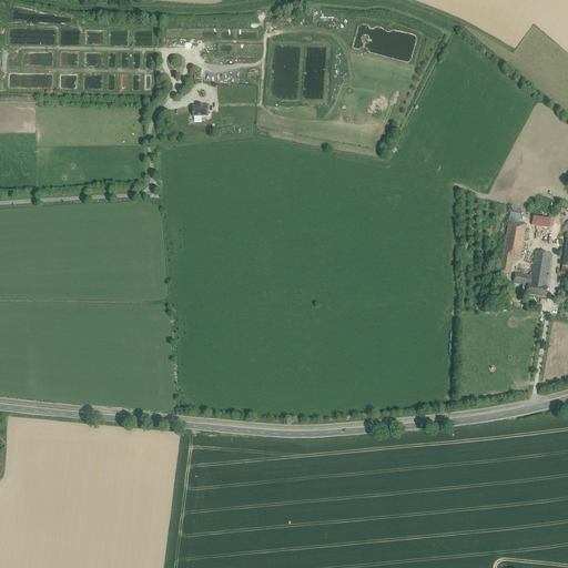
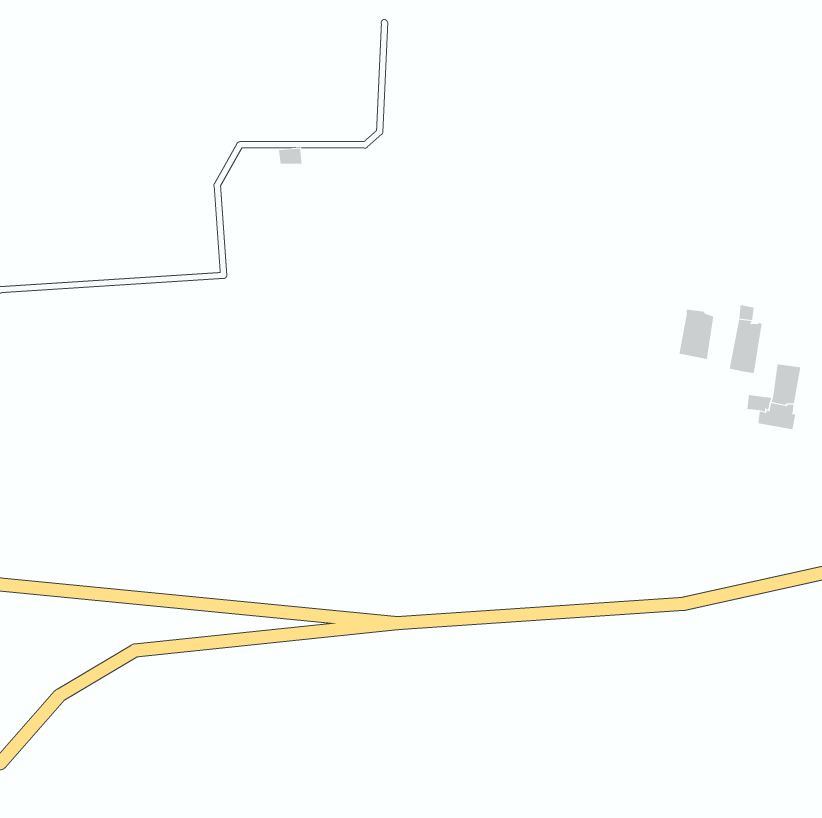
building: none -> [679,309,714,360]

